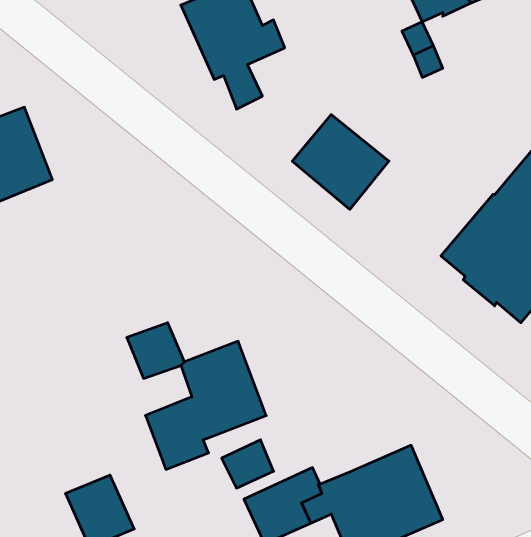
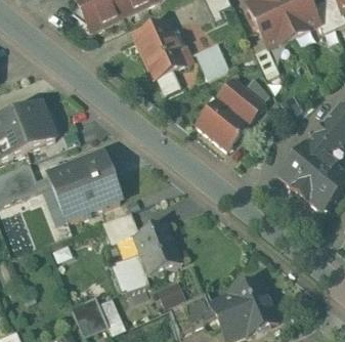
building: none -> [196,42,228,78]
building: none -> [217,77,265,122]
building: none -> [49,153,121,220]

